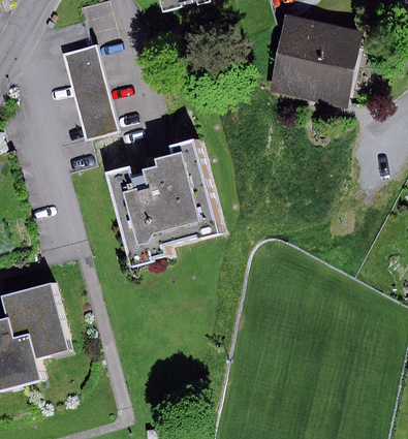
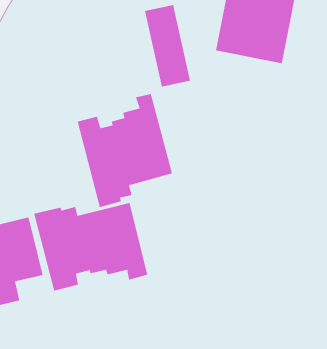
building: [64,46,118,142] -> [144,4,191,87]
building: none -> [34,202,148,291]

